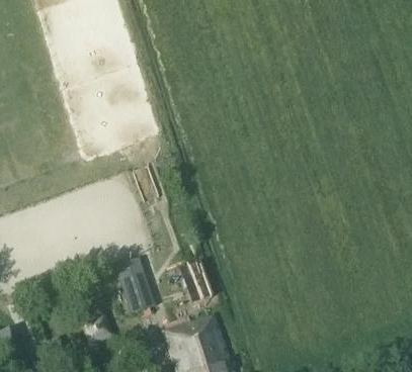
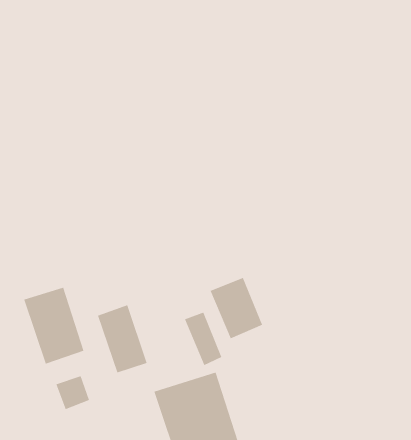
building: none -> [210,277,263,339]
building: none -> [24,287,84,364]

